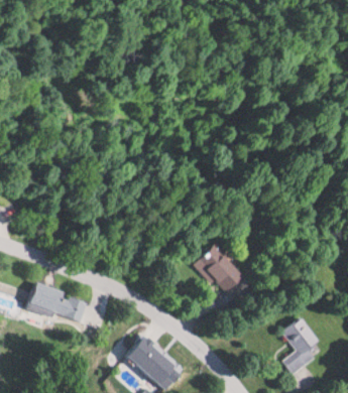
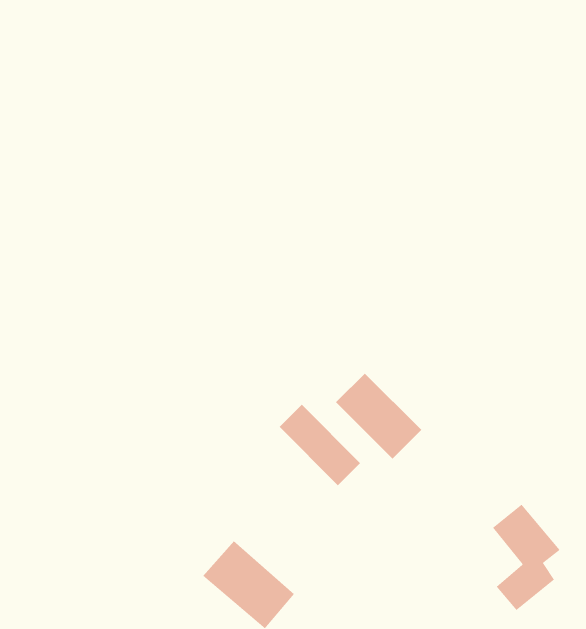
building: none -> [279,404,361,486]
building: [23,284,90,325] -> none

